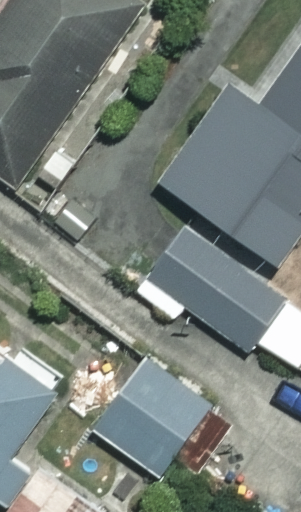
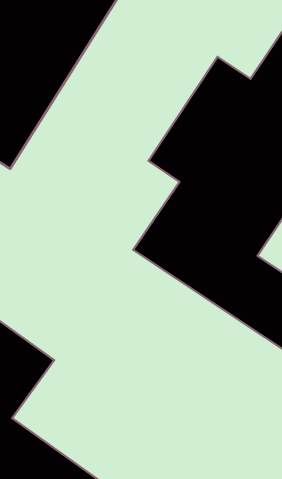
building: [96,358,212,475] -> none

